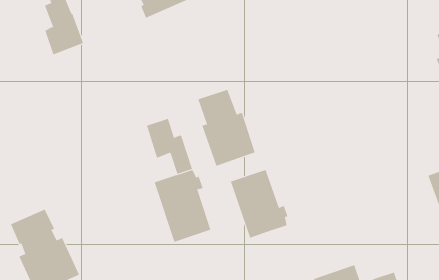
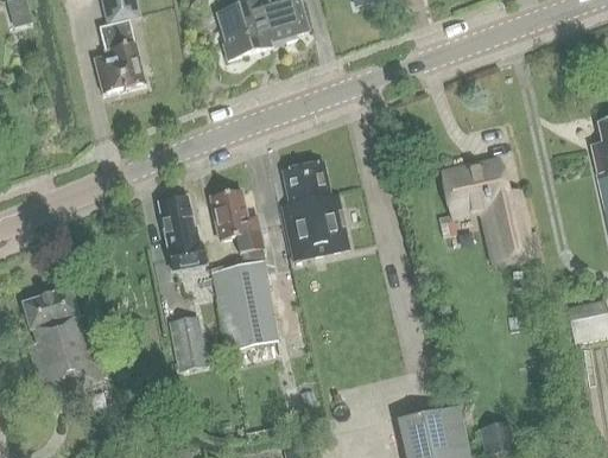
building: none -> [442,163,538,261]
building: none -> [159,195,205,271]
building: [230,169,288,239] -> none
building: none -> [167,314,208,370]

